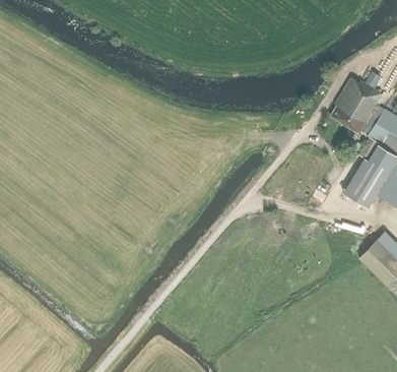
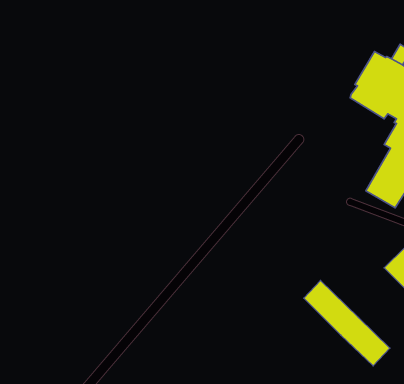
building: none -> [304,281,390,366]

